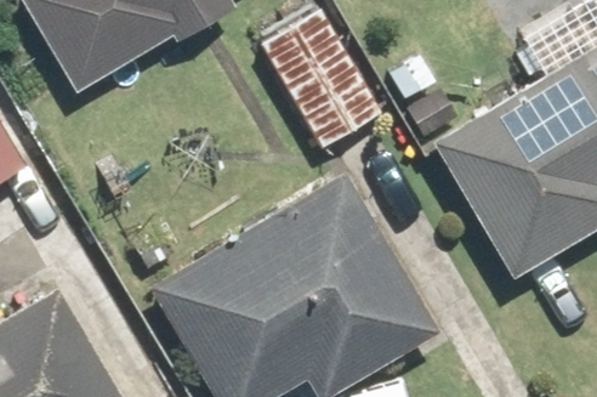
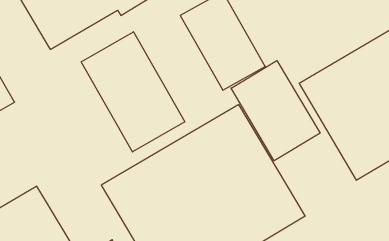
building: none -> [81,32,185,152]
building: none -> [231,61,320,161]

